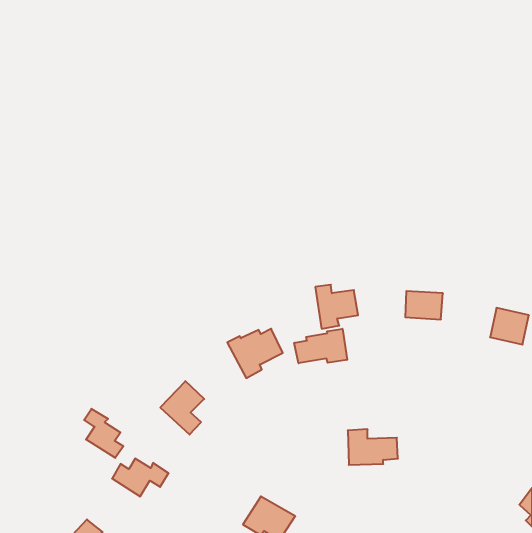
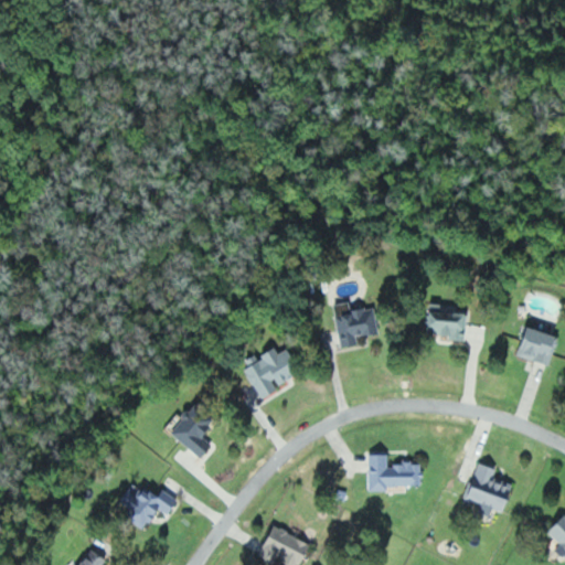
building: [294,329,347,363] -> none
building: [84,409,123,458] -> none
building: none -> [465,462,514,518]

